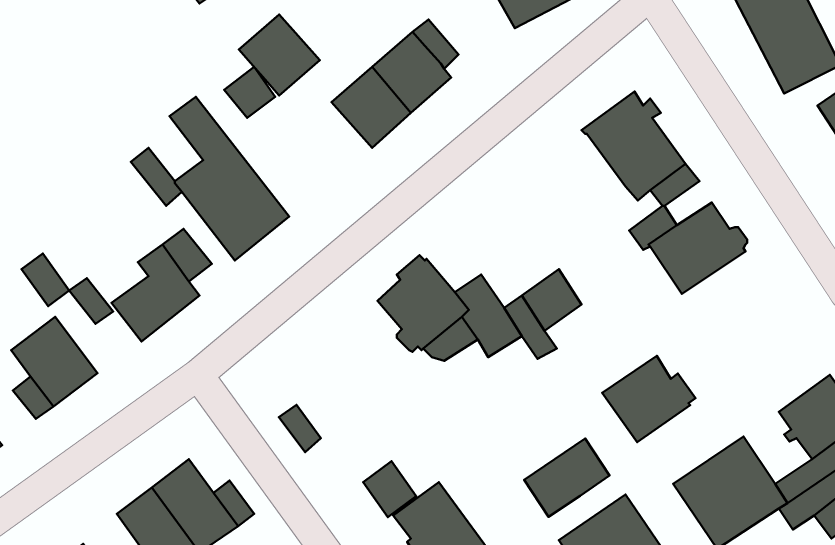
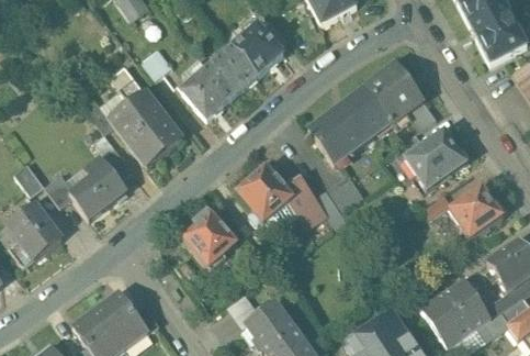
building: [239,14,320,95] -> [182,67,233,118]
building: none -> [309,87,391,162]
building: none -> [183,209,238,270]
building: [602,356,695,442] -> [448,183,506,237]
building: [524,439,610,517] -> none

